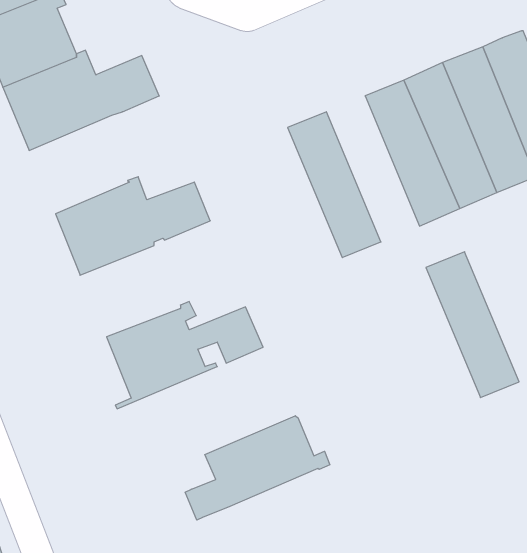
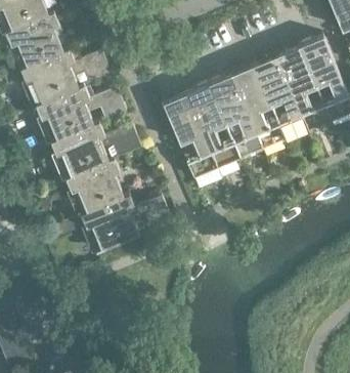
building: none -> [35,82,125,139]
building: none -> [161,89,217,175]
building: none -> [64,154,123,211]
building: [426,252,519,398] -> [208,71,262,156]
building: [185,416,330,520] -> none

